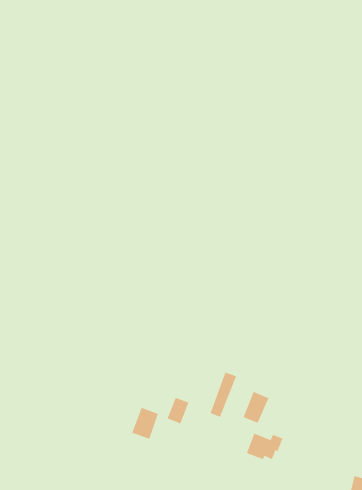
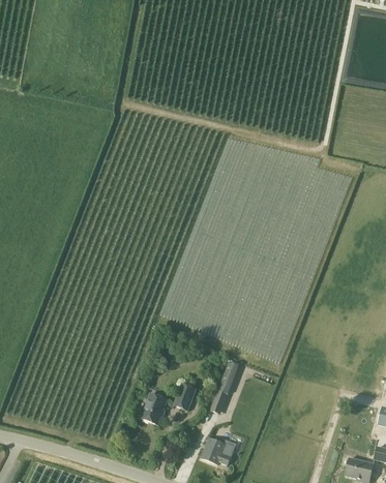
building: [243,391,270,424] -> none
building: [246,433,283,460] -> [202,437,237,463]

